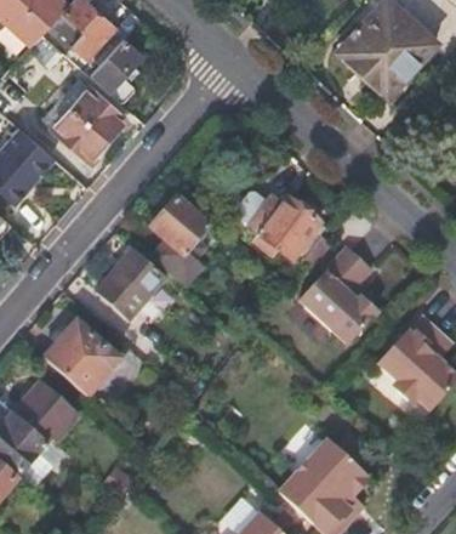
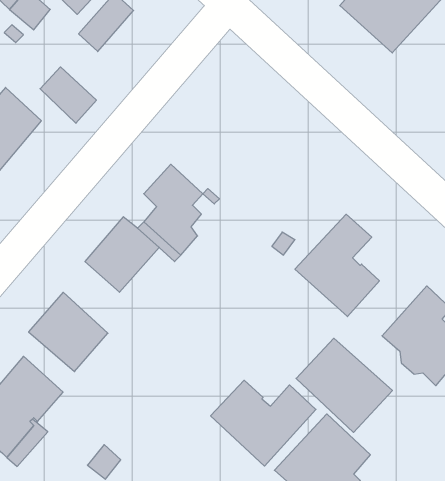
building: [74,90,125,140] -> none
building: [239,191,320,262] -> none
building: none -> [296,338,392,432]
building: none -> [211,380,316,466]

